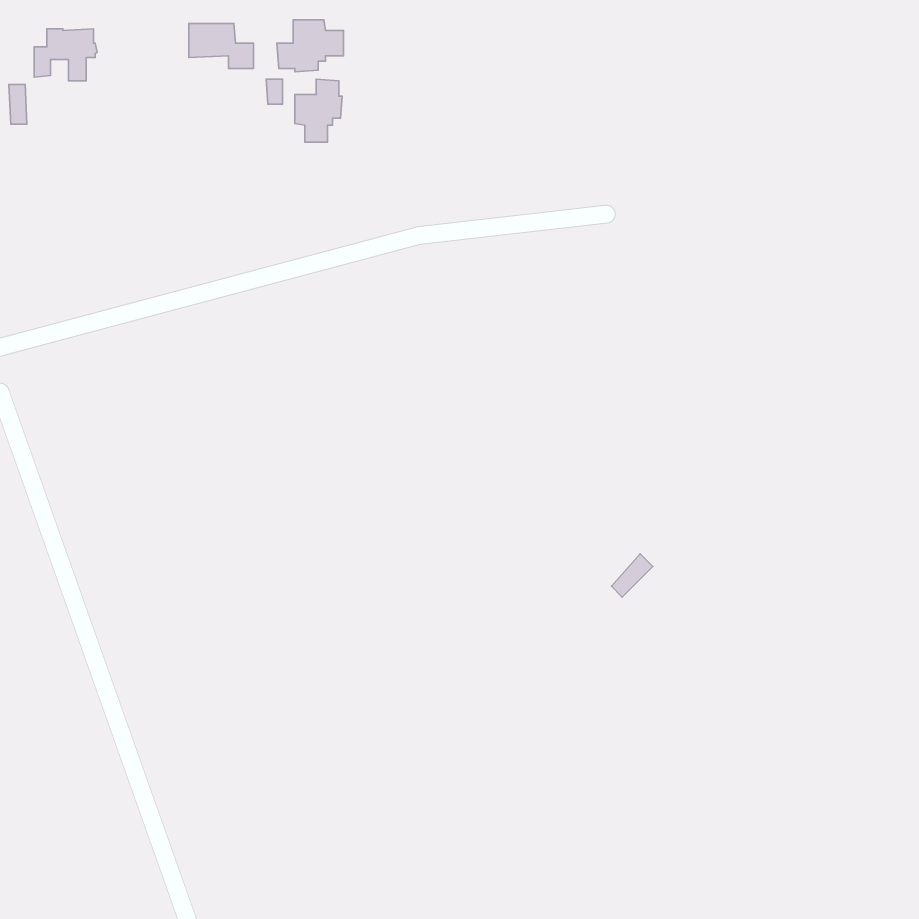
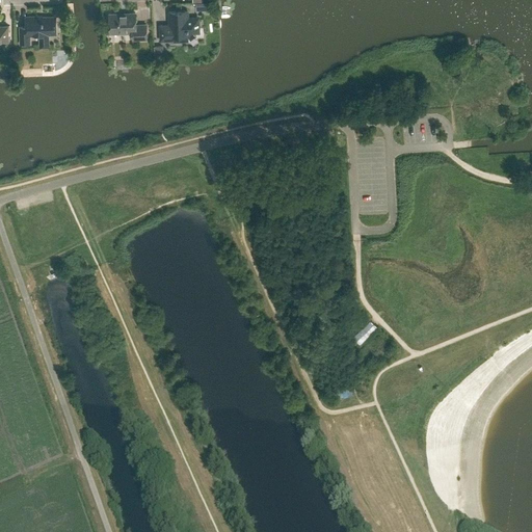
building: [295,79,342,142] -> none

